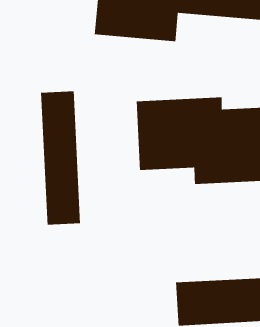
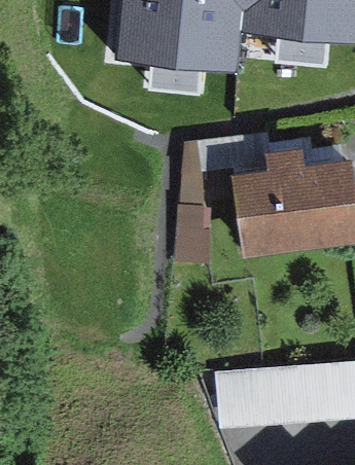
building: [40,91,81,226] -> none

